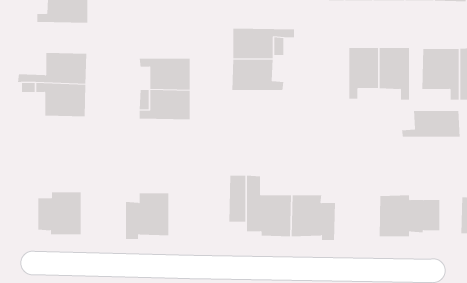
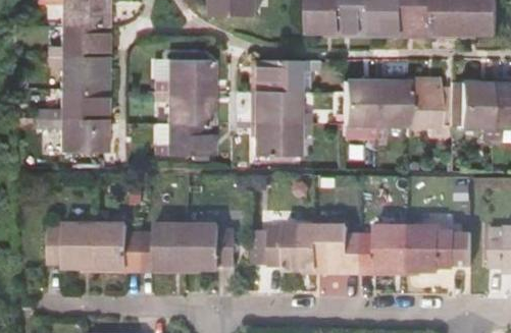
building: none -> [51,53,105,86]
building: none -> [158,58,212,91]
building: none -> [344,79,377,133]
building: none -> [255,124,309,156]
building: [401,110,460,137] -> none
building: none -> [98,230,144,280]
building: none -> [190,231,237,276]
building: none -> [363,233,410,282]

